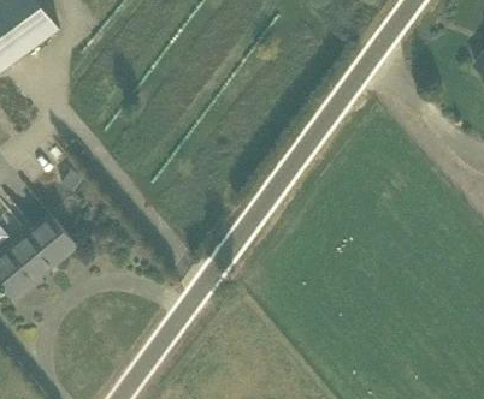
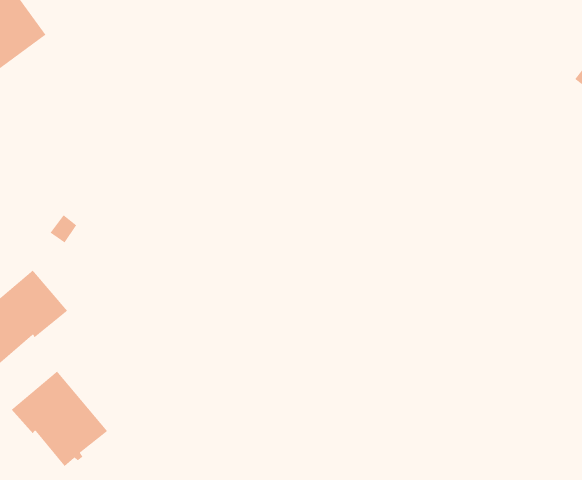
building: none -> [11,370,108,469]

